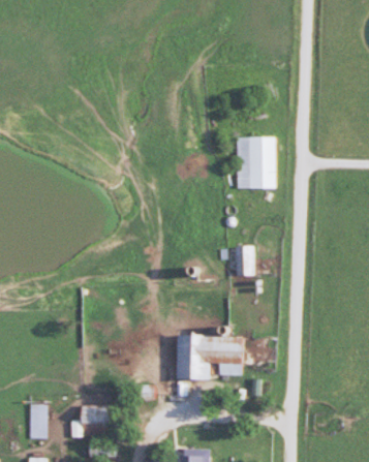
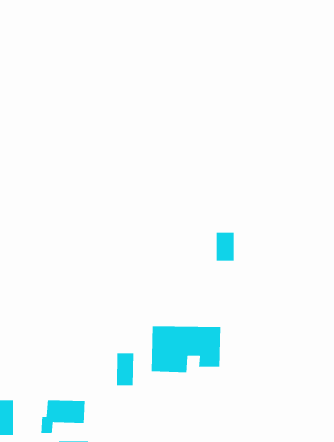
building: [239,137,275,189] -> none
building: none -> [116,352,134,386]

